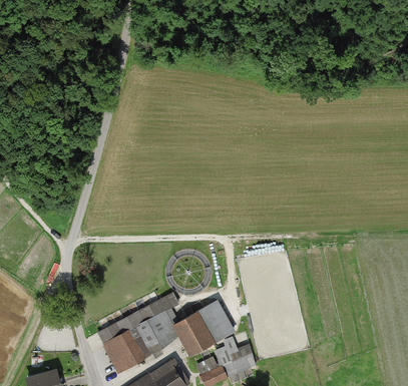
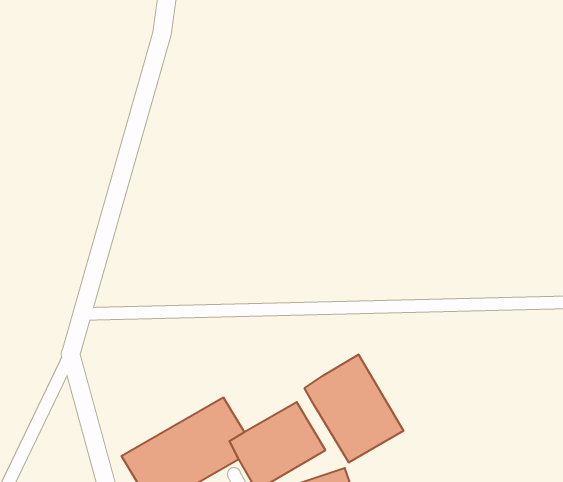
building: none -> [305,354,403,463]

